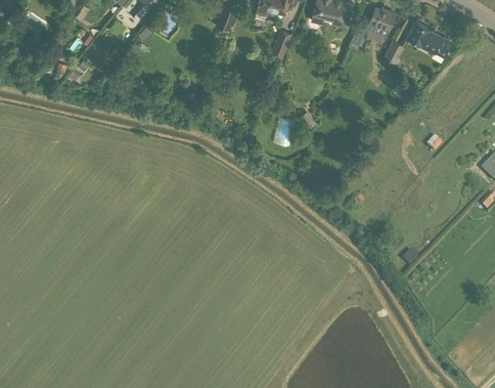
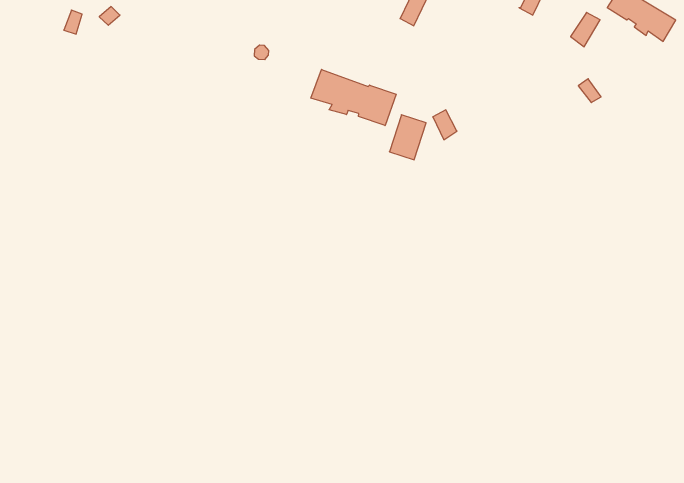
building: none -> [311,69,396,126]

